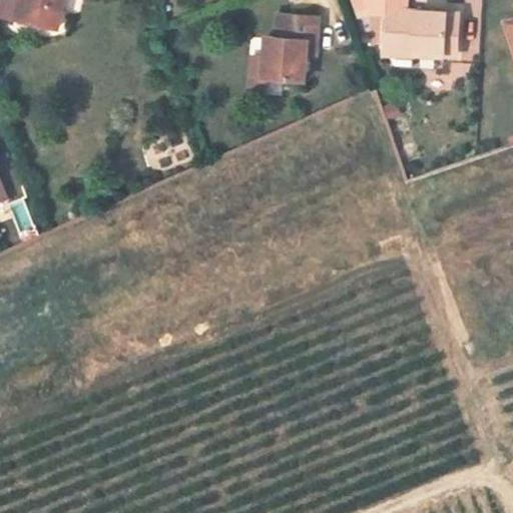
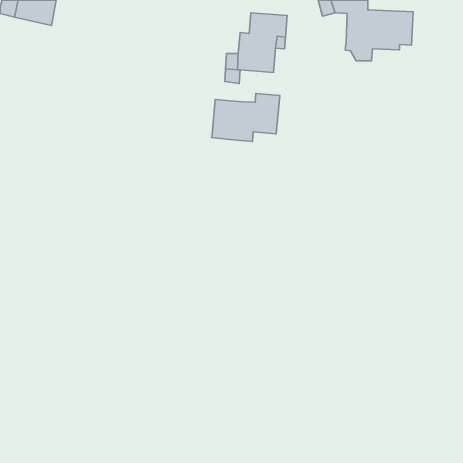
building: none -> [212,94,280,141]

